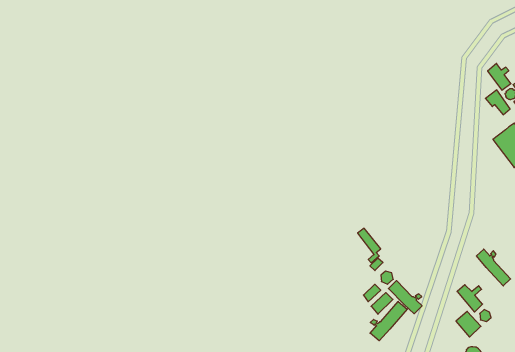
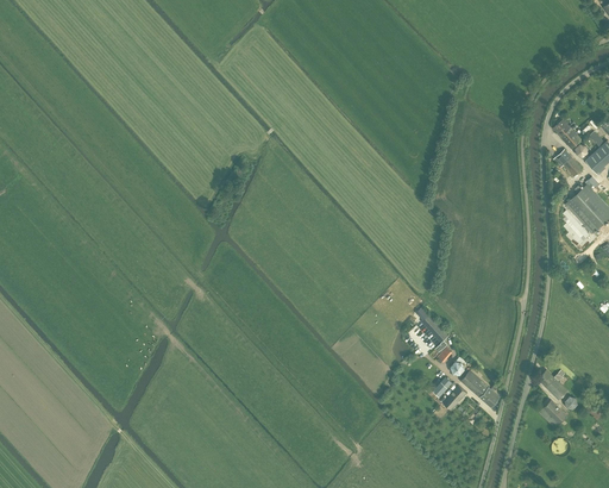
building: [476,249,511,286] -> none
building: [370,301,407,341] -> none

